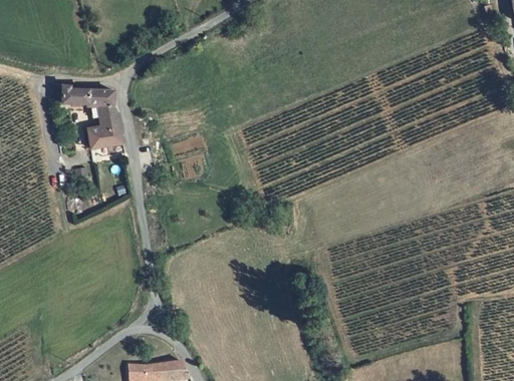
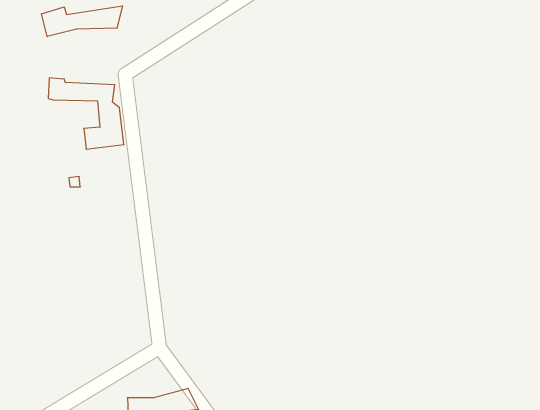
building: none -> [42,6,122,37]

